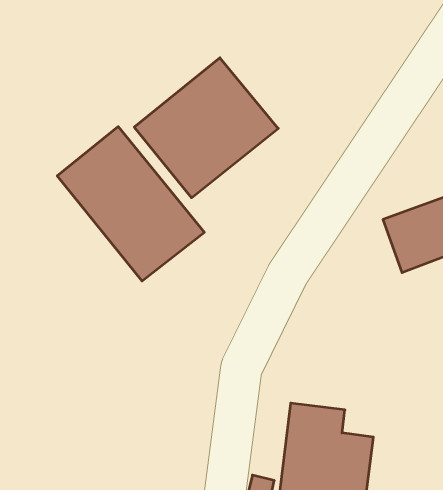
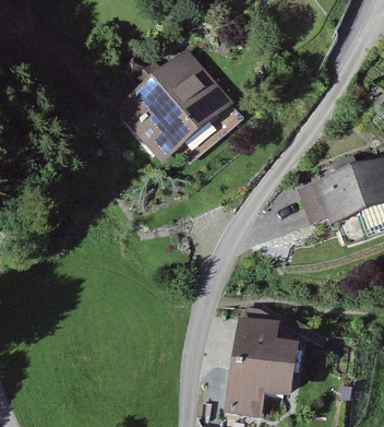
building: [57,127,204,281] -> none

